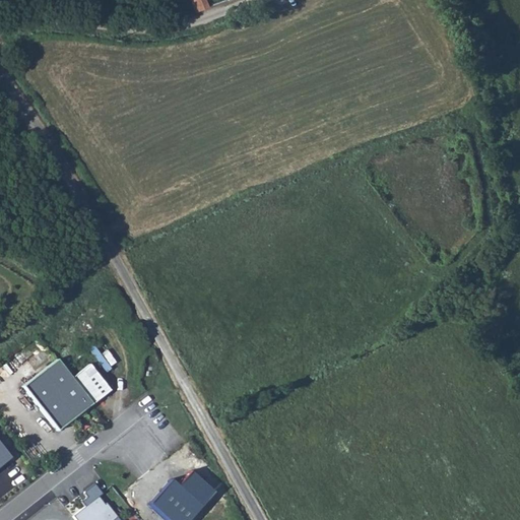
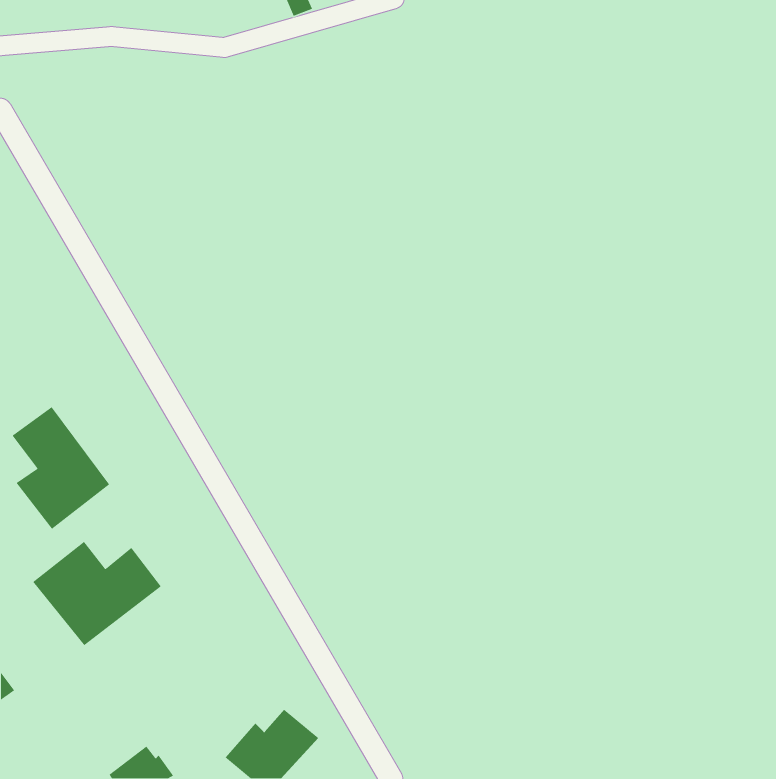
building: none -> [12,406,110,530]

